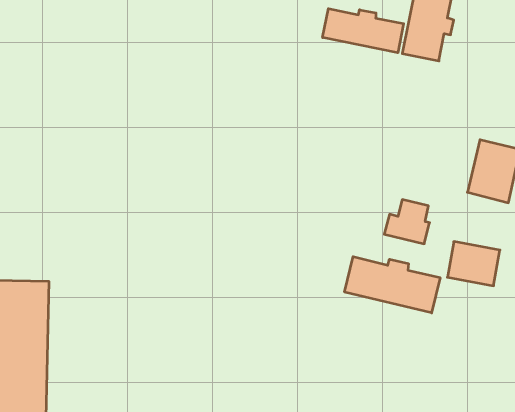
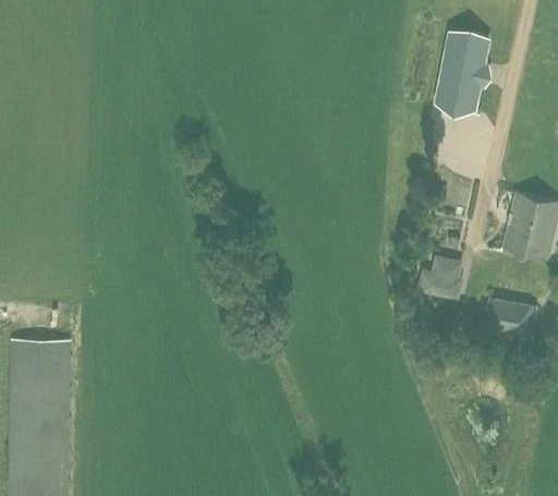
building: [323,9,404,53] -> none
building: [345,257,440,313] -> none

